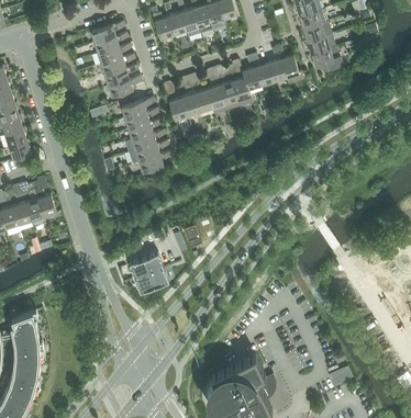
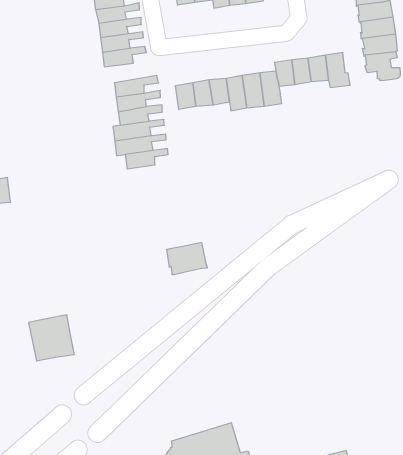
building: [129,252,168,292] -> [29,315,75,361]

